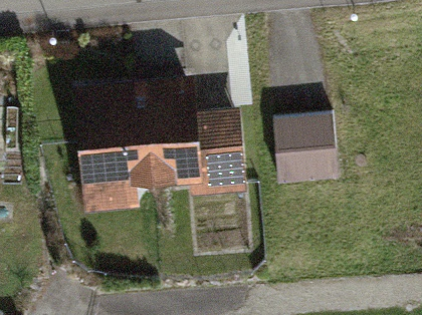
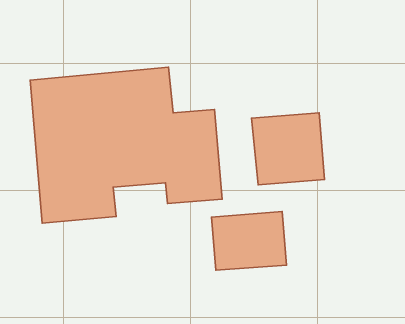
building: none -> [211,211,287,270]

